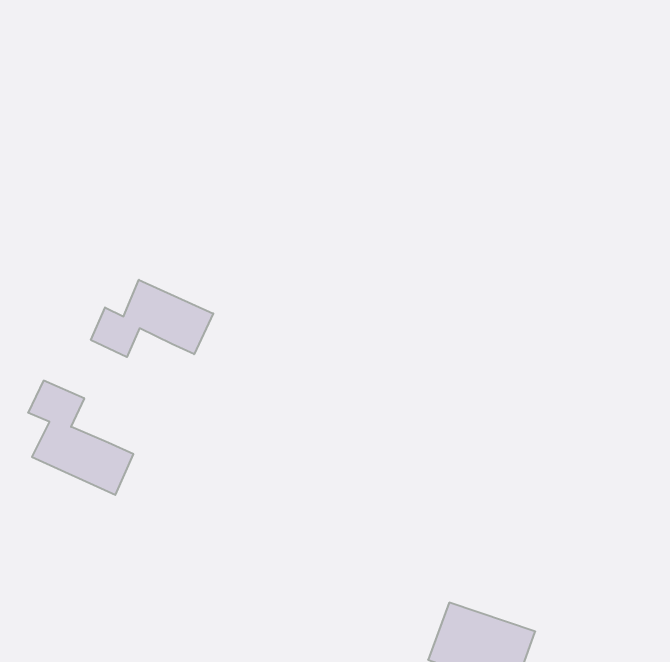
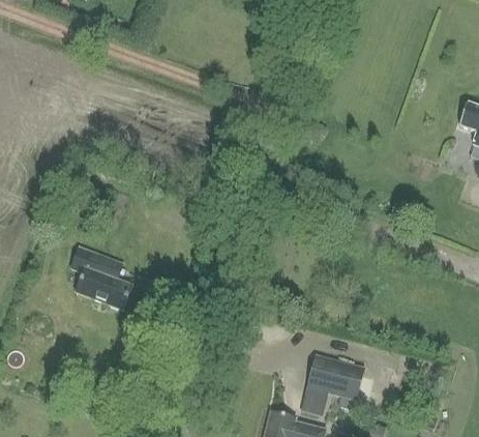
building: [91,280,213,357] -> none

